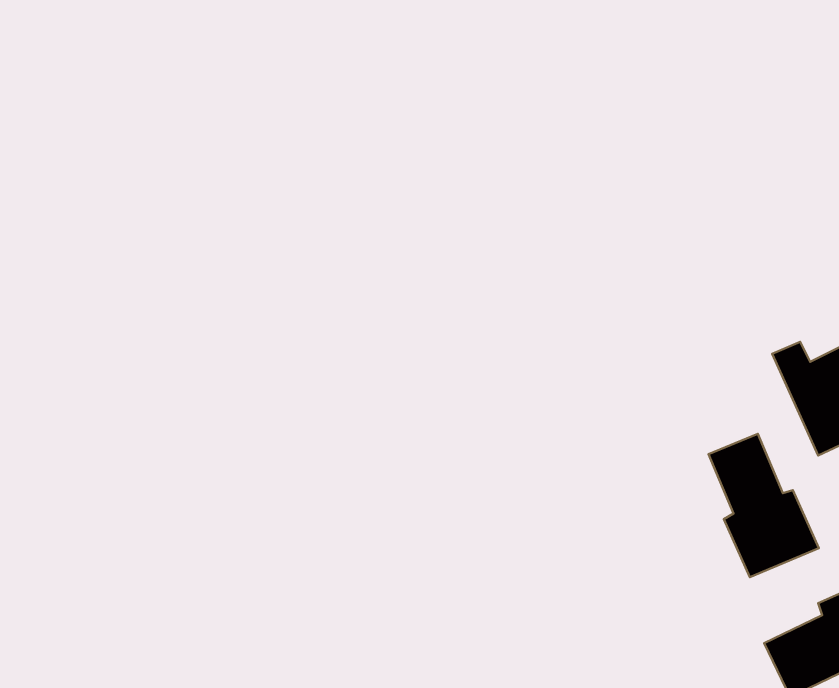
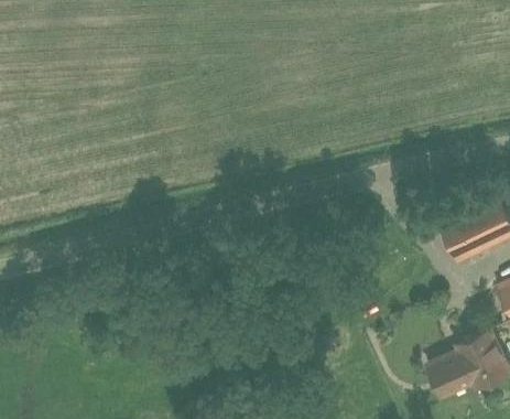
building: [709,434,819,577] -> none

